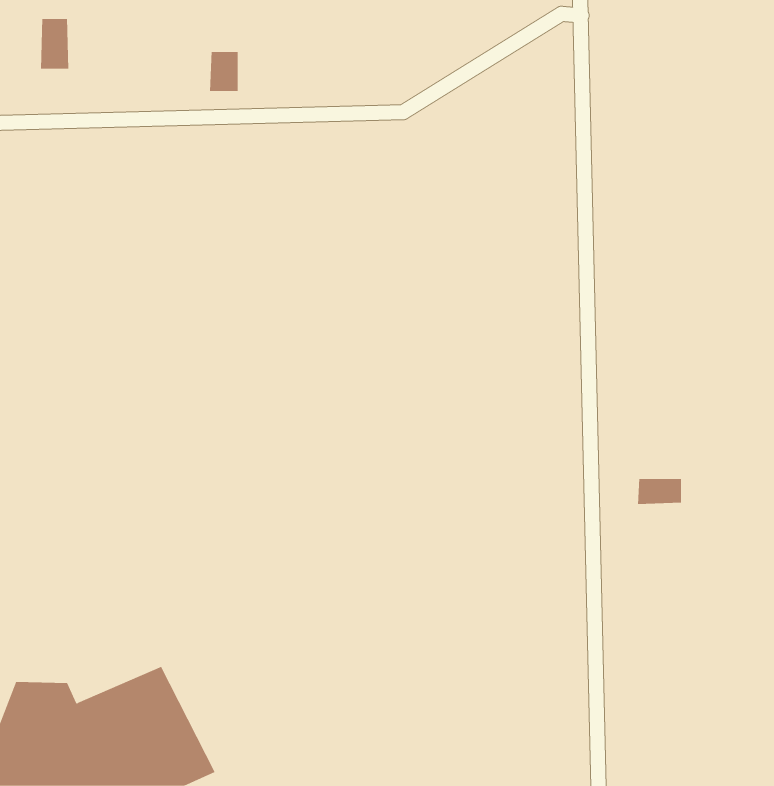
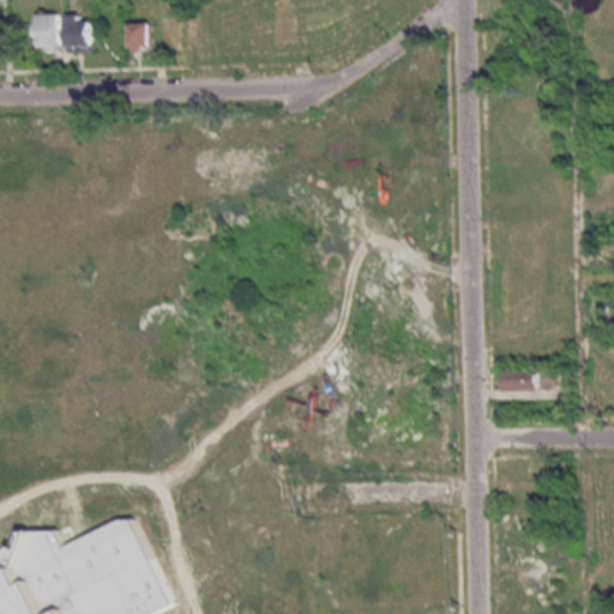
building: none -> [64,16,85,53]
building: [209,51,238,91] -> [125,22,148,53]

